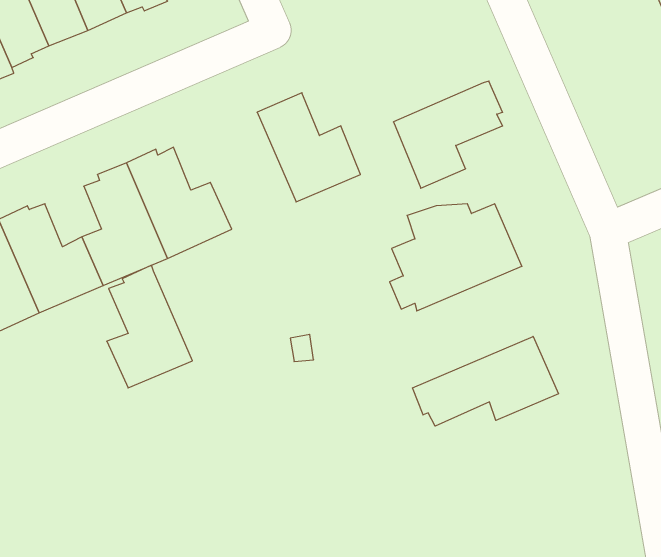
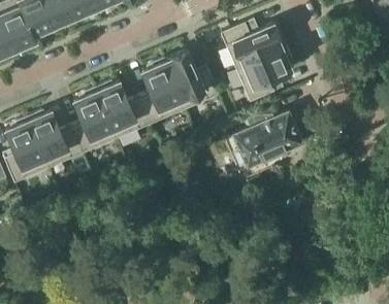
building: none -> [221,23,284,67]
building: [107,265,192,388] -> [139,59,185,124]
building: [413,336,559,426] -> none

